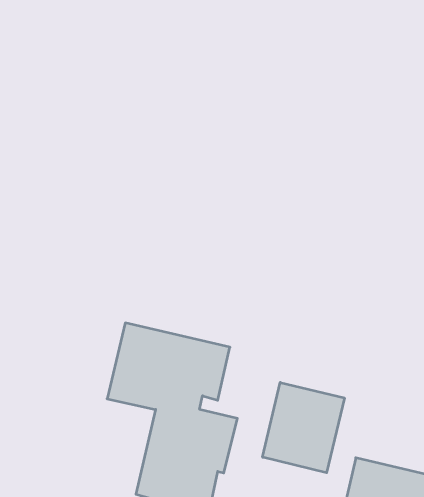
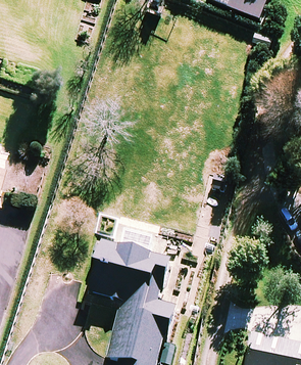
building: [263,382,344,473] -> none

